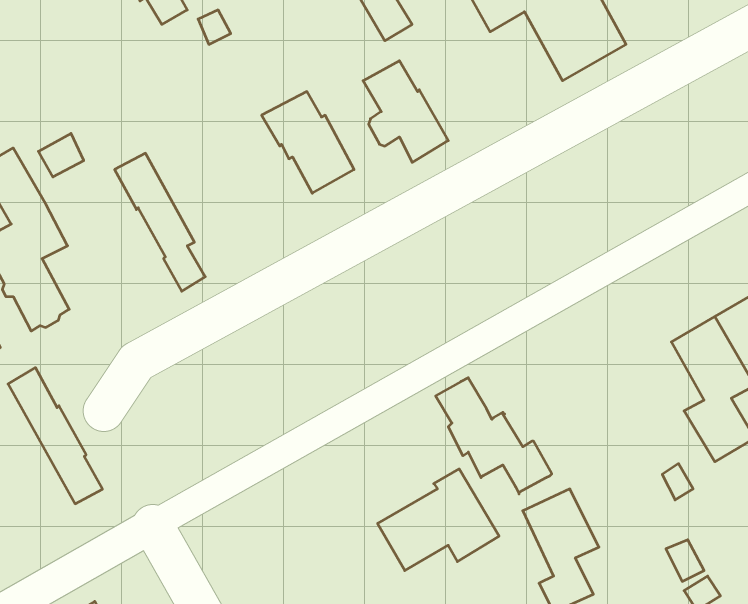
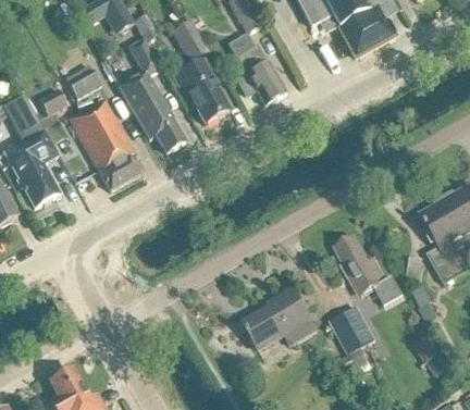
building: none -> [172,21,211,63]
building: none -> [119,39,184,152]
building: none -> [66,64,102,97]
building: [8,368,102,504] -> [69,109,125,190]
building: [436,378,552,494] -> [334,236,404,306]

